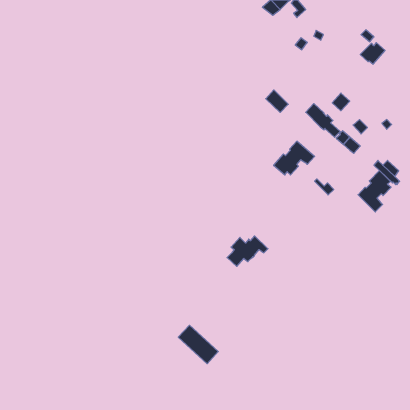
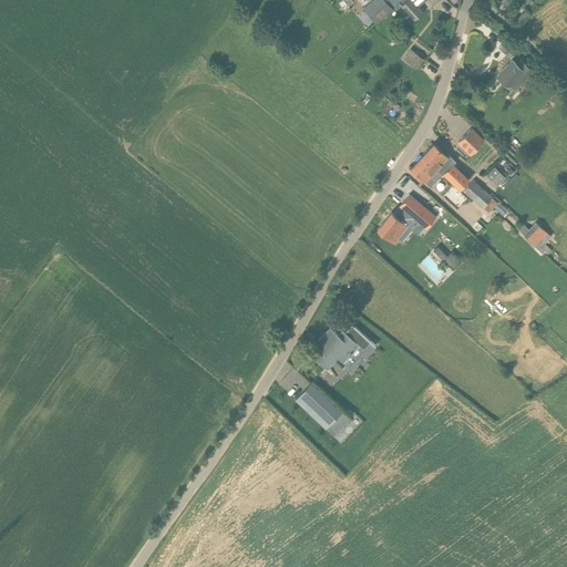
building: [266,90,288,112] -> [411,155,442,186]
building: [358,171,391,212] -> none
building: [178,325,218,364] -> [296,383,351,436]

